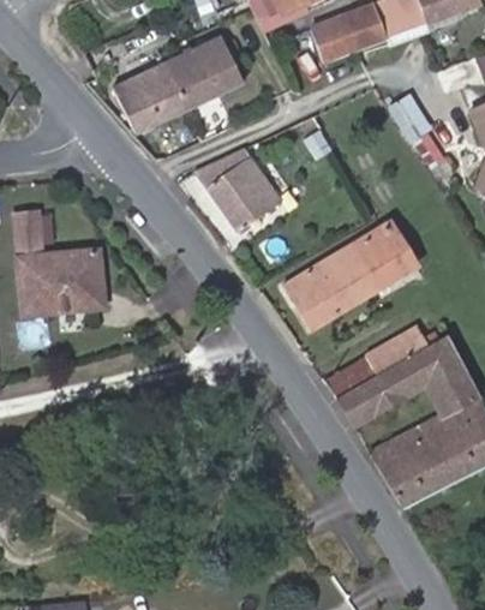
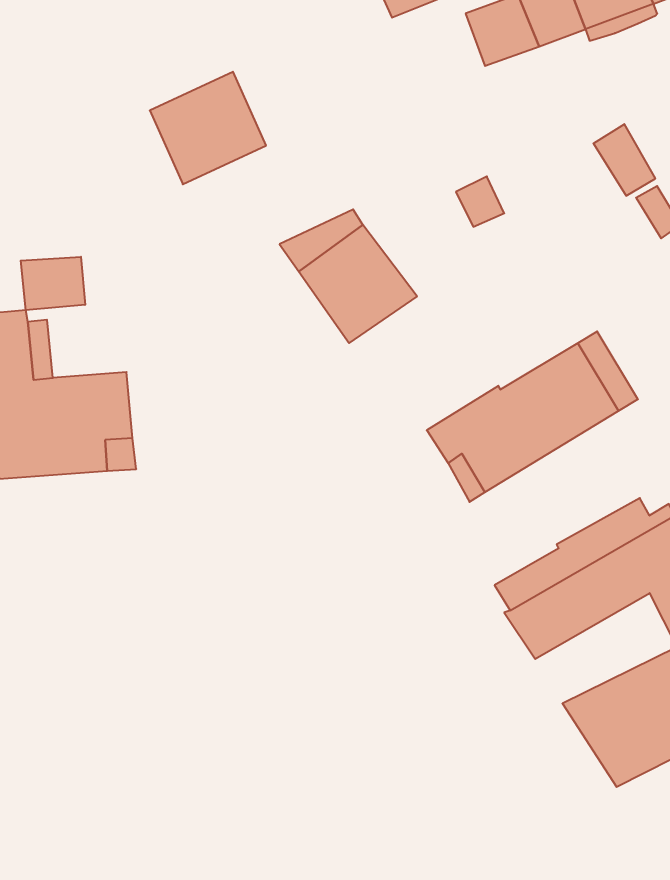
building: [166,36,242,108] -> none
building: none -> [21,257,85,310]

